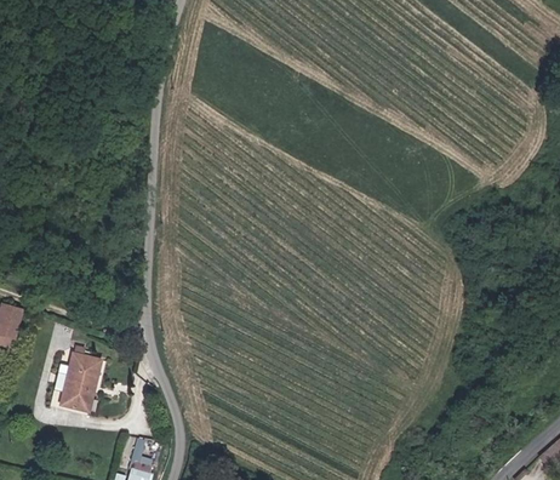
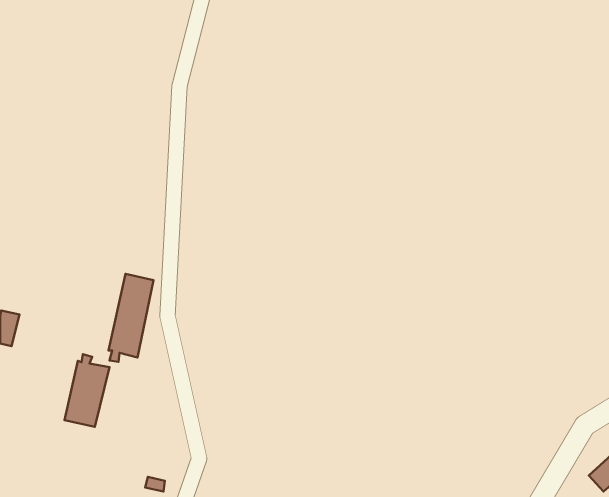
building: none -> [108,274,154,362]

